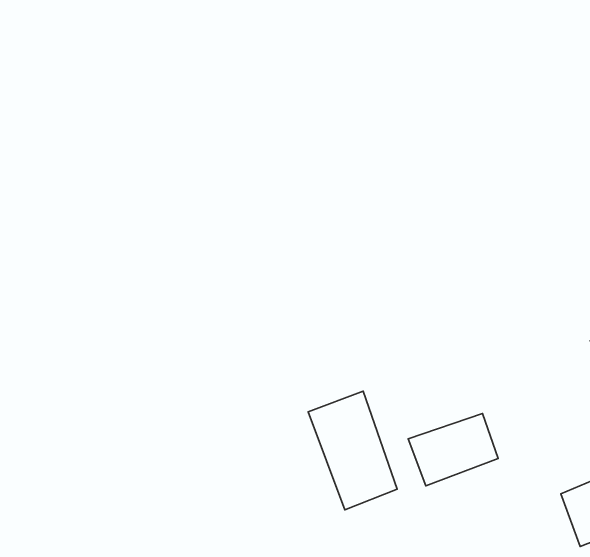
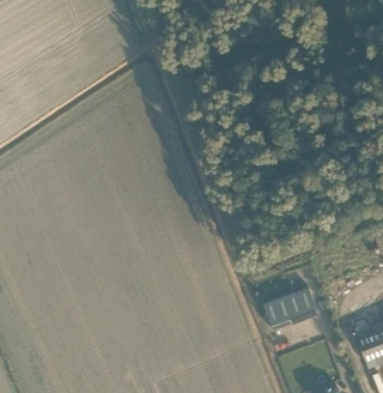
building: [308,391,397,510] -> none

